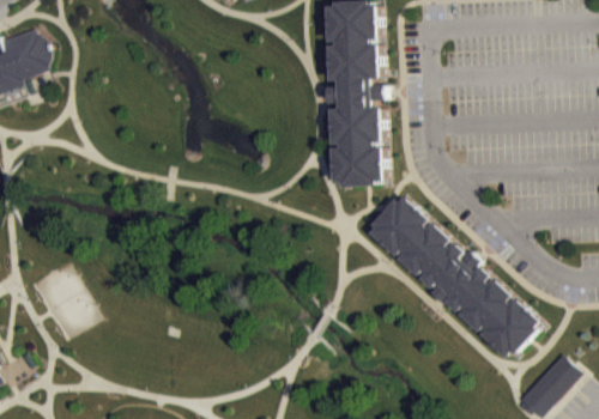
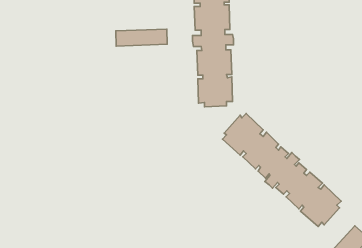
building: none -> [116,29,167,46]

